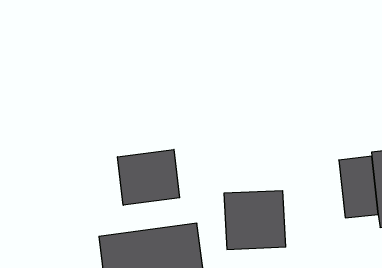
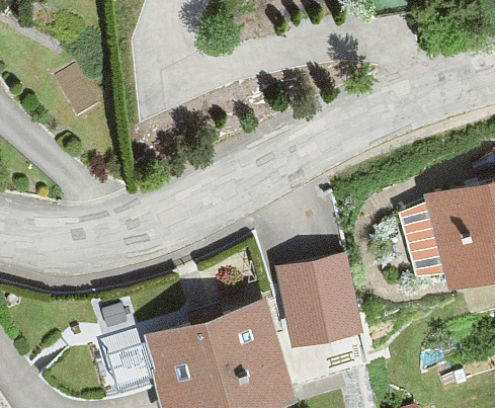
building: [118,149,180,205] -> none

